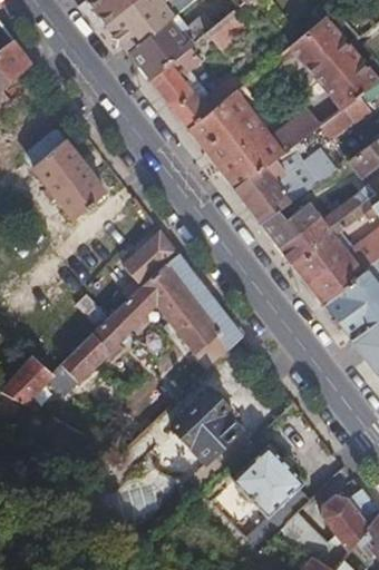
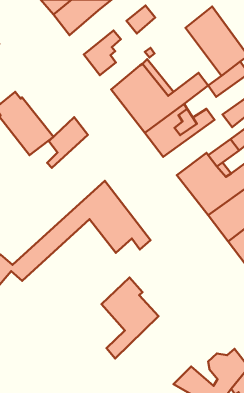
building: [128,17,195,78] -> none
building: [171,81,226,127] -> none
building: [259,200,319,246] -> none
building: [120,229,177,299] -> [47,117,88,168]
building: [234,445,311,529] -> none

